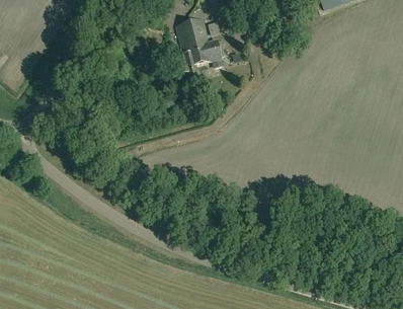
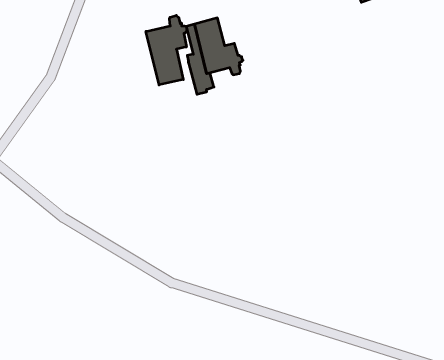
building: none -> [146,15,187,85]

